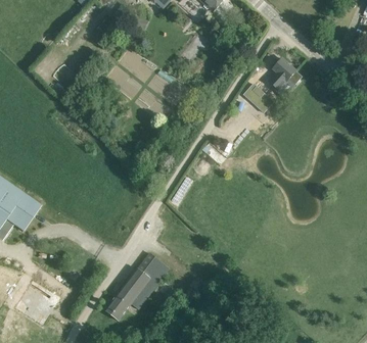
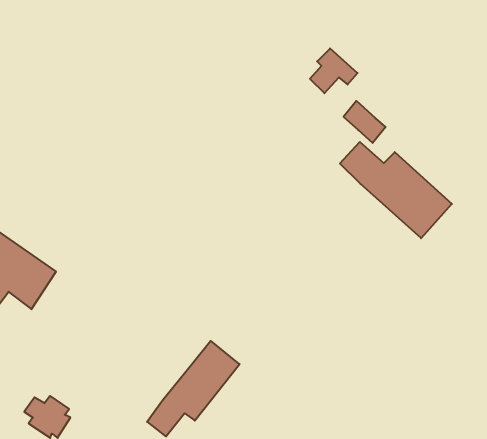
building: [269,59,303,91] -> [310,48,358,93]
building: none -> [340,142,452,238]

